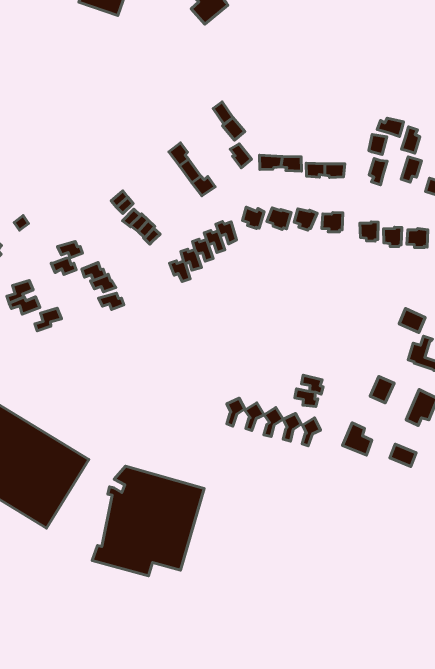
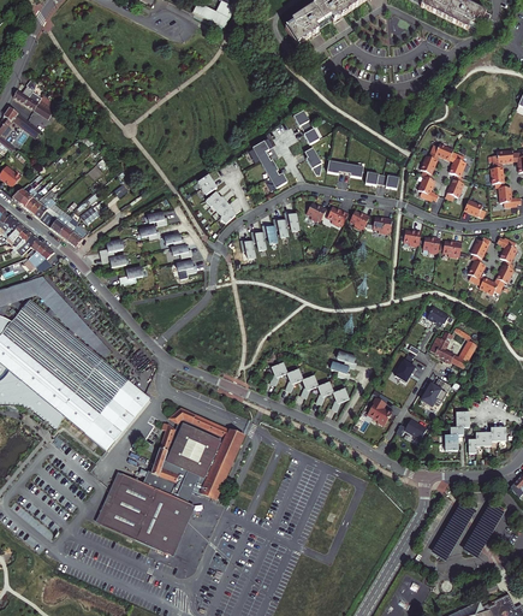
building: none -> [95,472,195,556]

